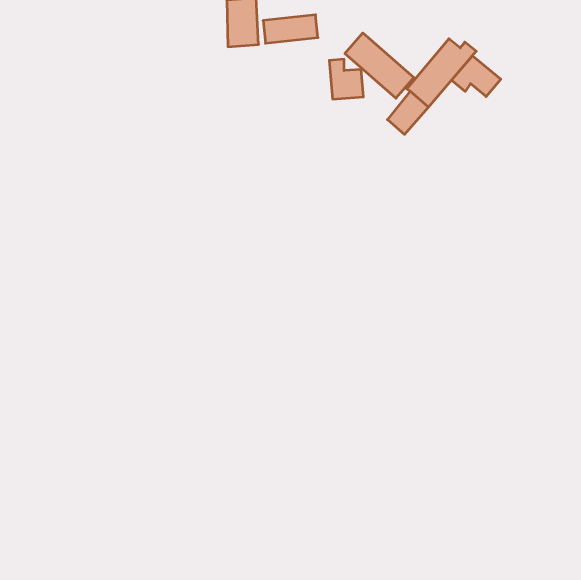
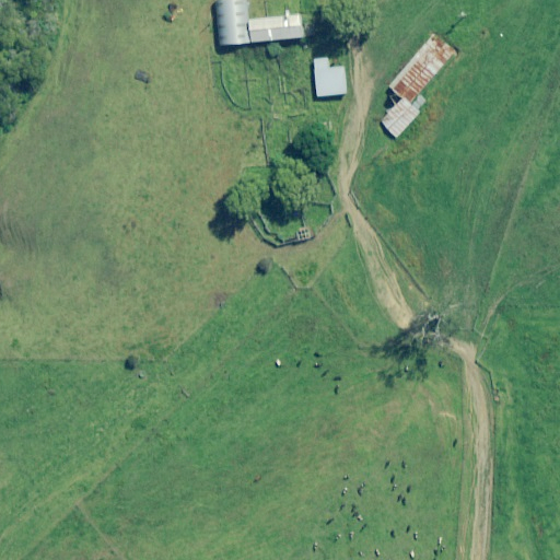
building: [345,33,414,98] -> none
building: [452,56,501,97] -> none

